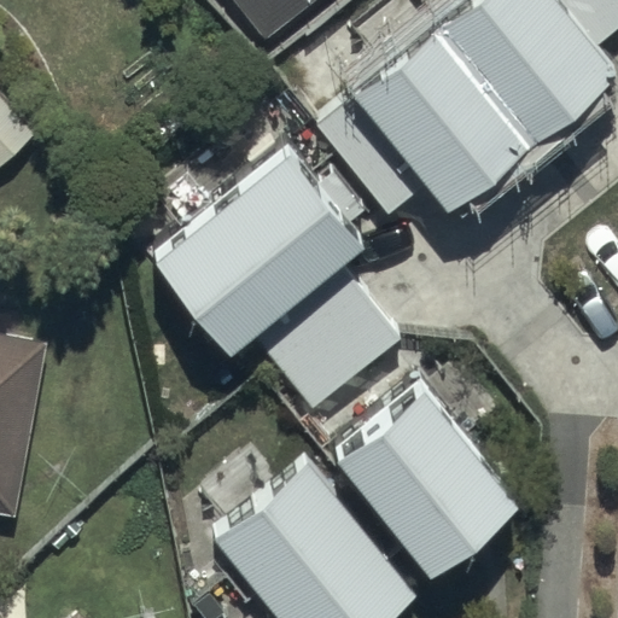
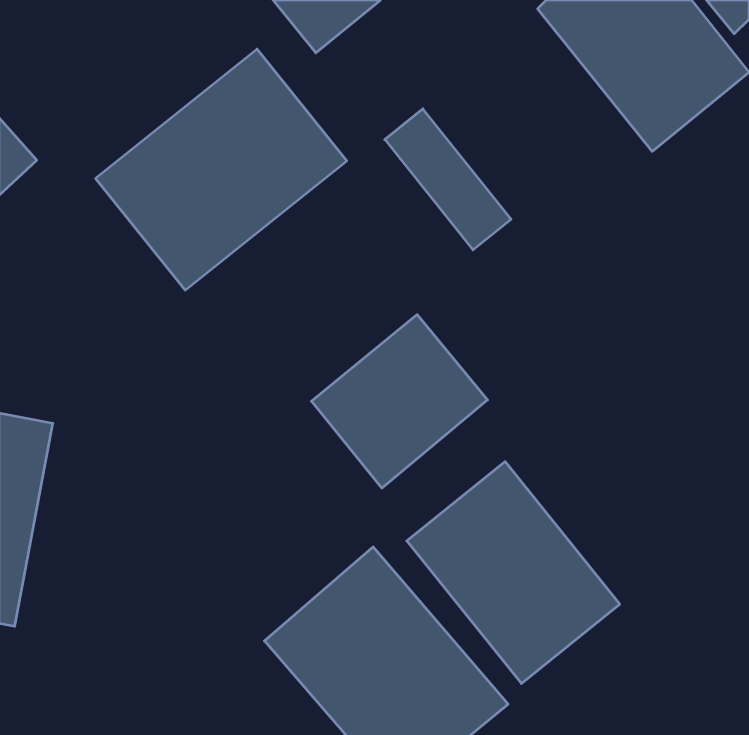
building: [352,28,527,209] -> none
building: [158,152,365,350] -> [96,49,347,290]

